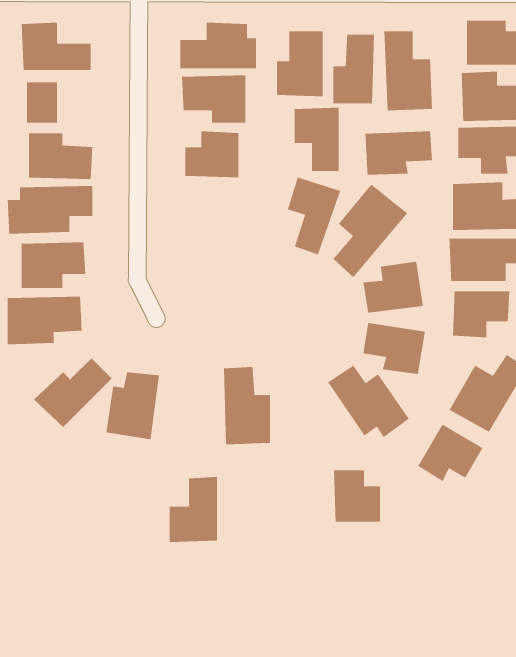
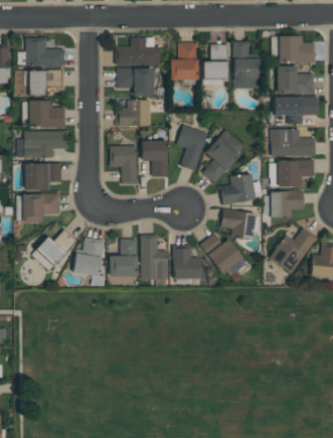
building: none -> [48,69,63,95]
building: [294,107,339,172] -> [142,140,168,177]
building: [364,130,433,176] -> none
building: none -> [110,146,138,184]
building: [417,423,483,482] -> none
building: [333,470,381,522] -> [173,249,200,279]
building: [169,476,218,543] -> [110,239,138,277]

